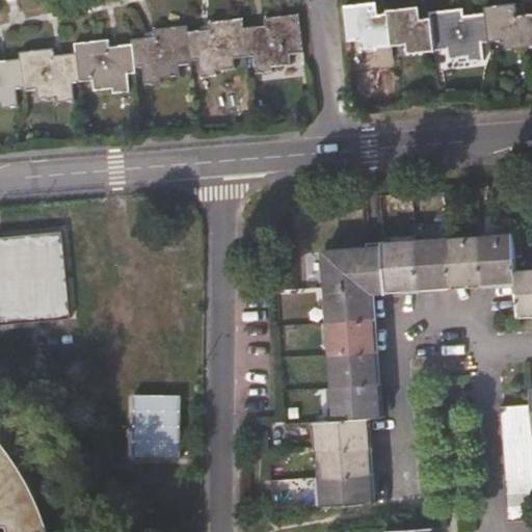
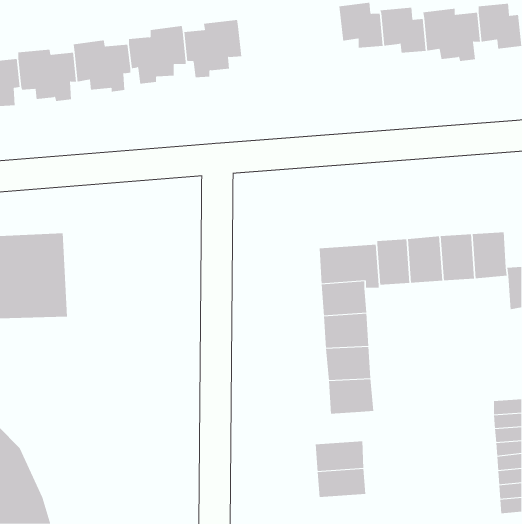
building: [242,16,300,74] -> none
building: [130,396,180,458] -> none
building: [317,418,368,450] -> none

